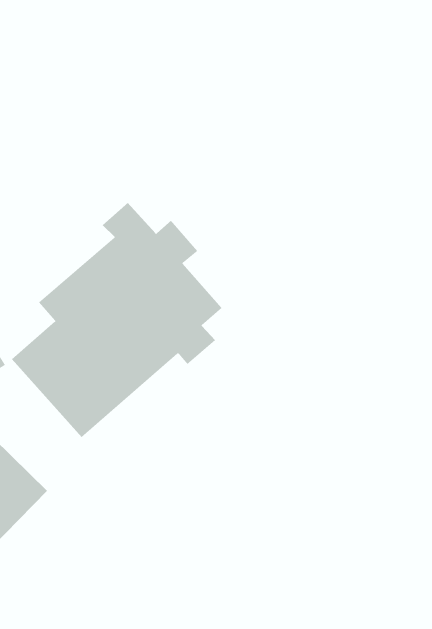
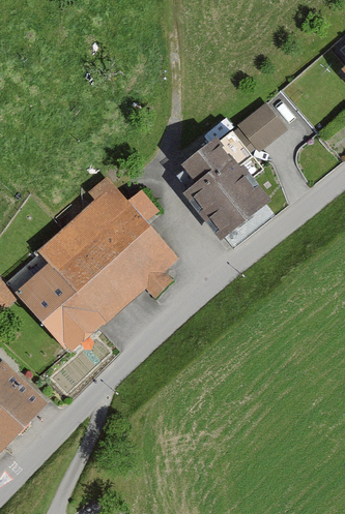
building: none -> [237,103,284,150]
building: none -> [182,123,270,241]

